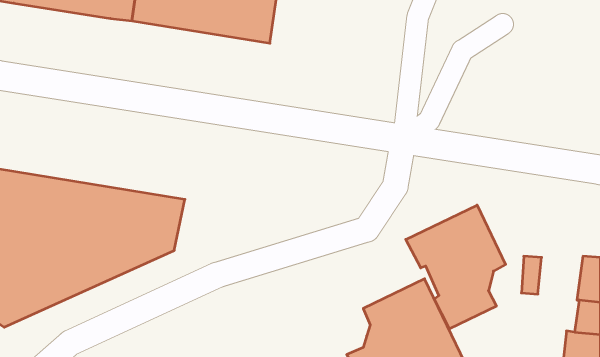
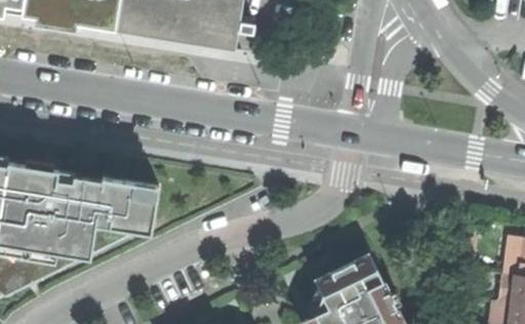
building: [406,205,506,329] -> none

